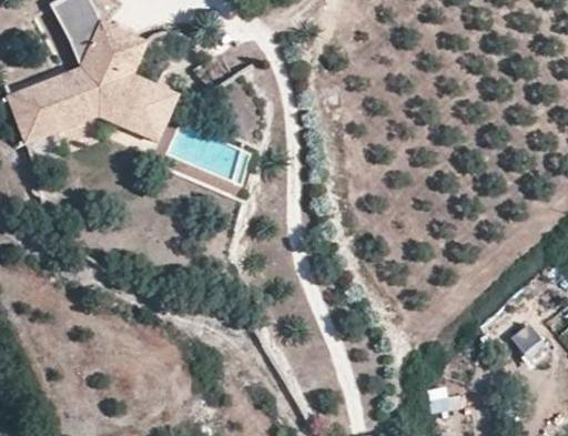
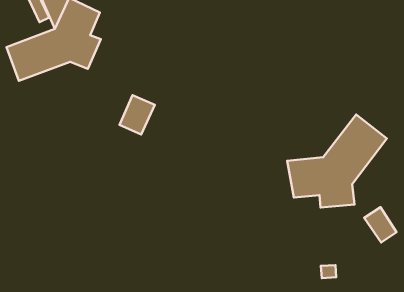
building: [126,82,175,136] -> [120,95,155,135]
building: none -> [287,114,387,207]

